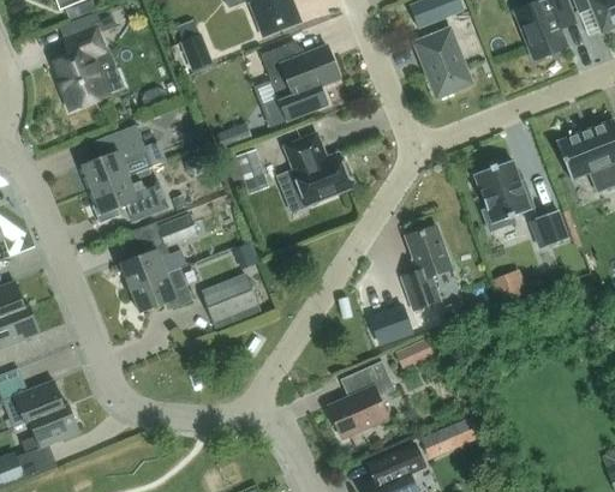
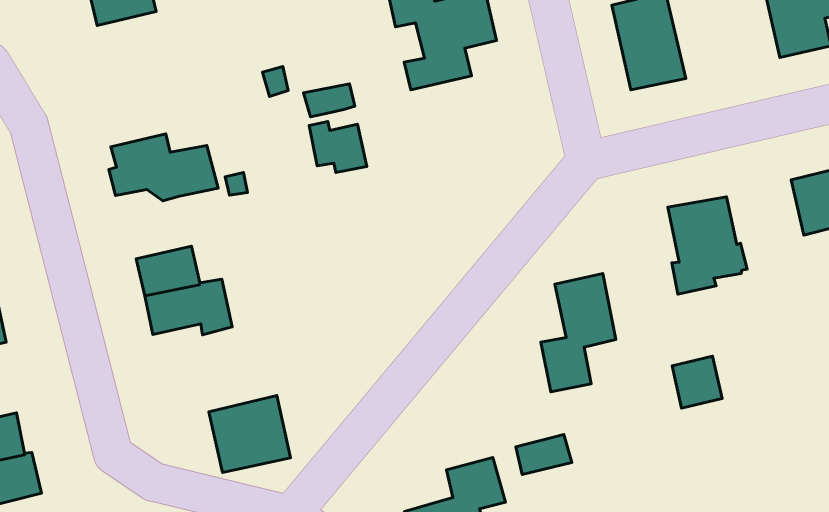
building: [80,124,150,190] -> none
building: [285,133,351,205] -> none
building: [535,209,571,247] -> none
building: [157,212,198,247] -> none
building: [202,272,262,330] -> [209,395,290,472]
building: [370,307,414,348] -> none

